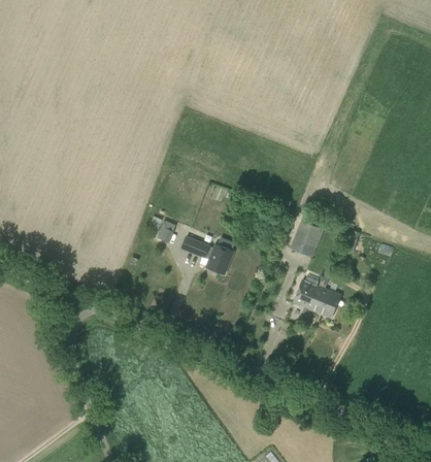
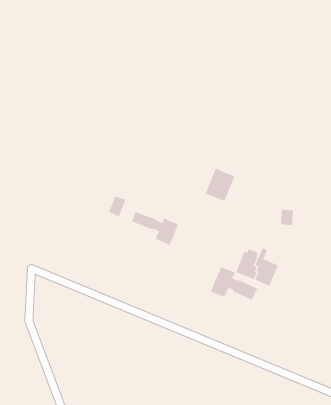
building: [291,220,324,256] -> [205,168,235,201]
building: none -> [210,266,258,301]

